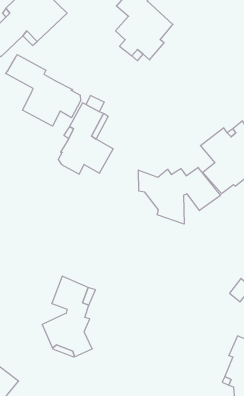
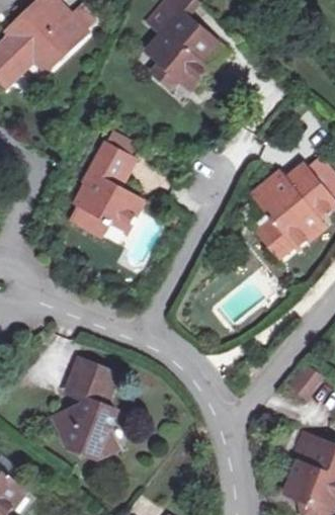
building: [6,55,81,126] -> none
building: [138,167,220,224] -> none

